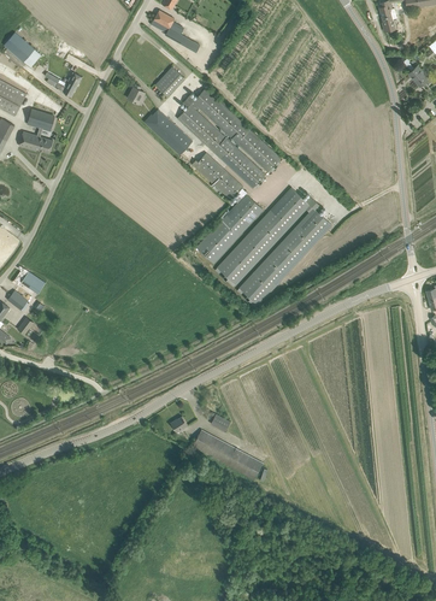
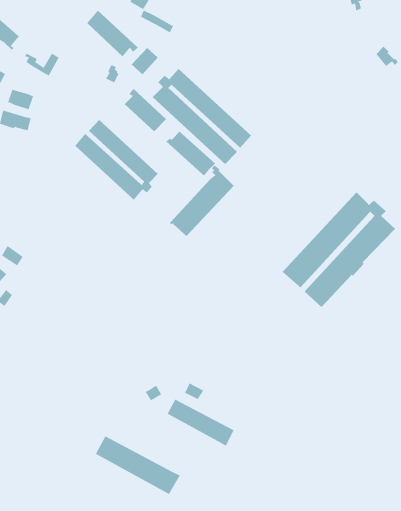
building: none -> [87,10,138,57]
building: none -> [75,119,158,200]
building: [213,187,331,307] -> [282,192,396,308]
building: none -> [95,435,180,495]

